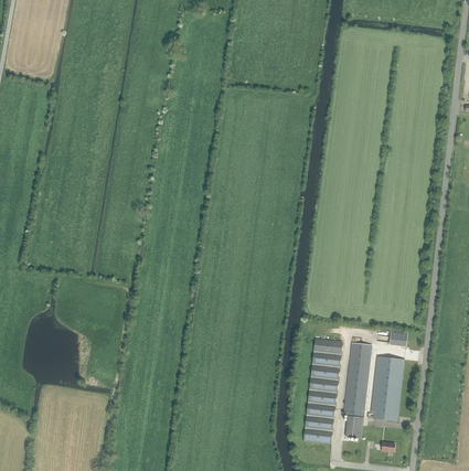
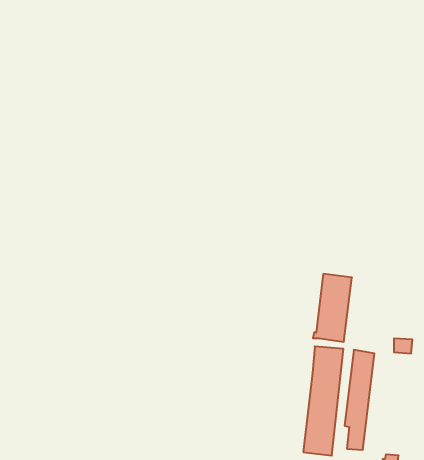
building: [367,355,405,420] -> [313,274,352,342]

